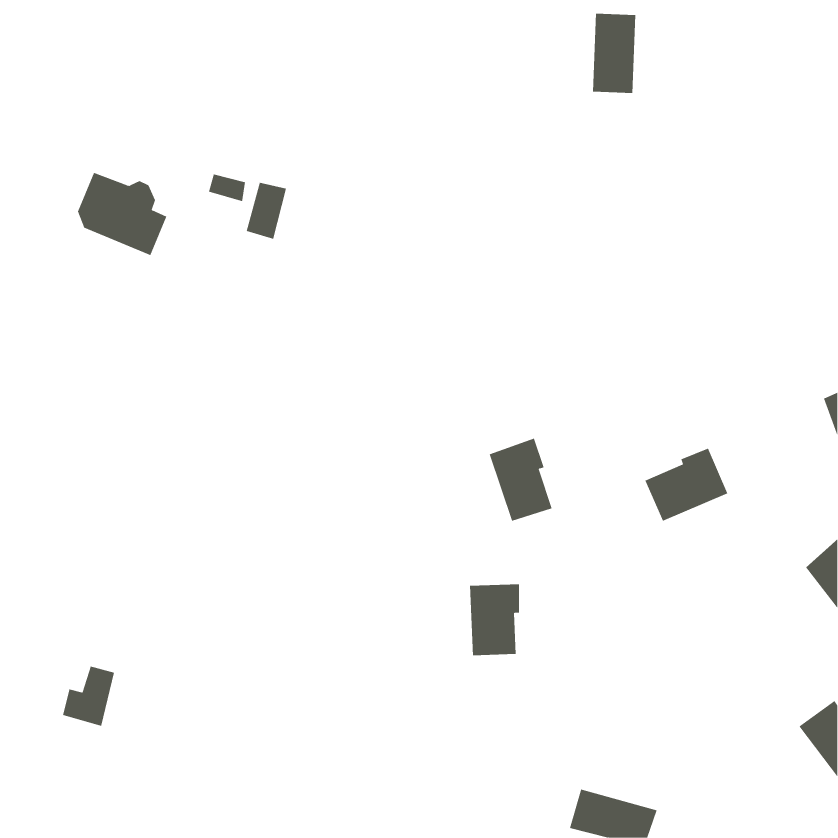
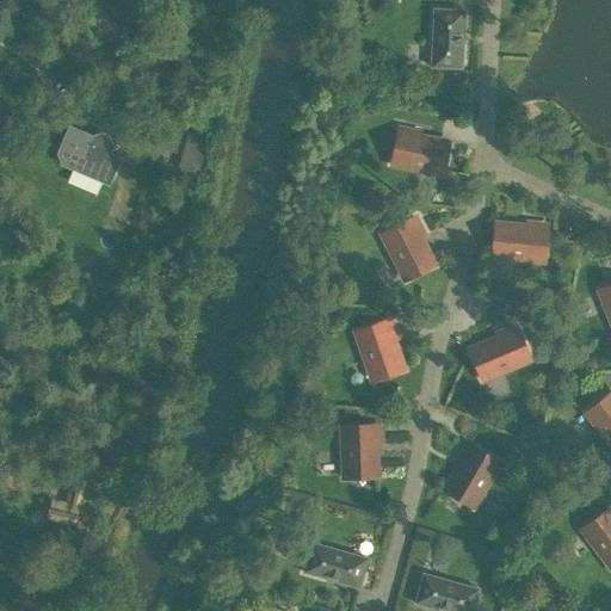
building: none -> [391,129,449,175]
building: none -> [382,217,434,279]
building: none -> [492,223,547,261]
building: none -> [442,446,499,507]
building: none -> [303,543,368,587]

